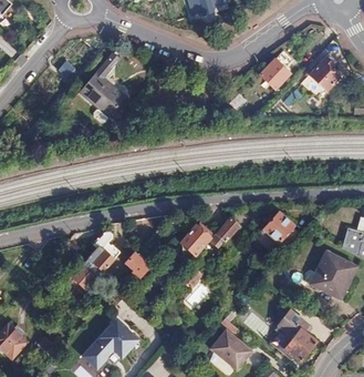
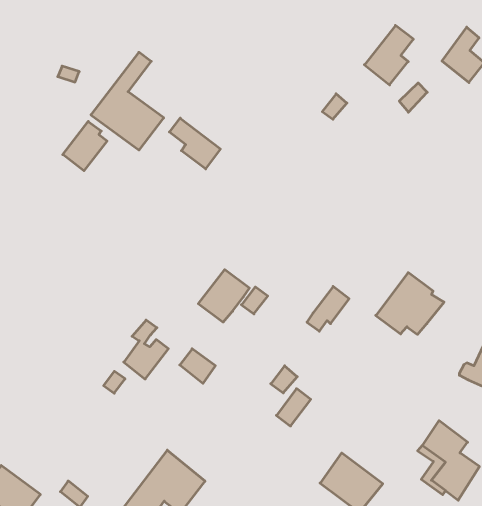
building: none -> [63,121,107,171]
building: none -> [169,118,220,169]
building: [180,221,215,255] -> [198,270,249,322]

